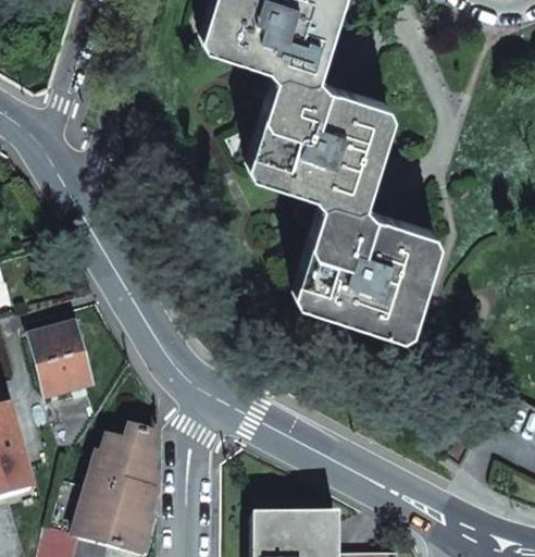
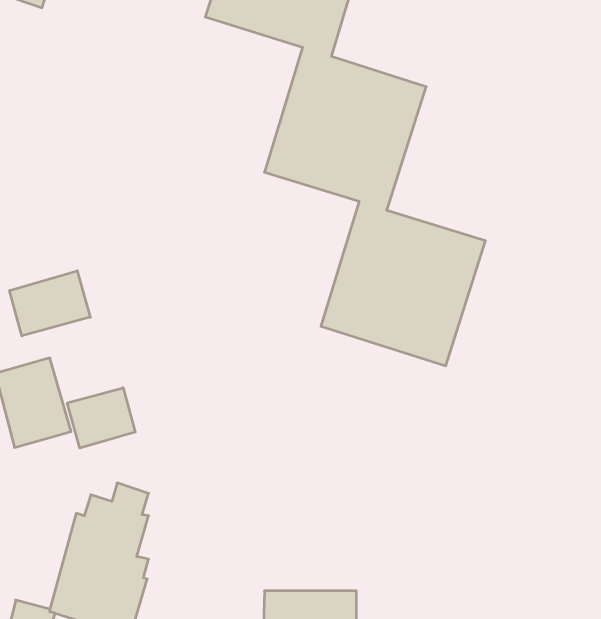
building: none -> [10,271,90,336]
building: none -> [67,388,135,448]

